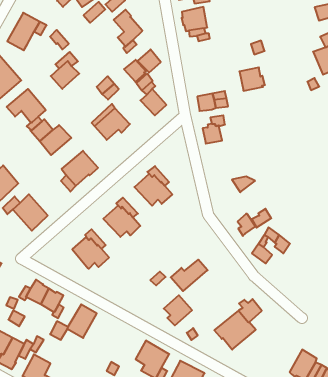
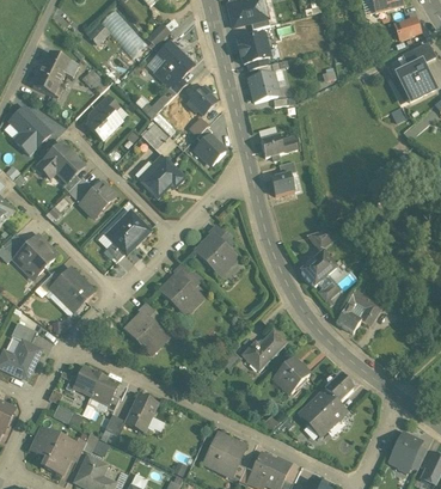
building: [239,67,265,91] -> [249,72,280,100]
building: none -> [301,252,336,286]
building: [164,295,192,325] -> [276,356,310,392]

